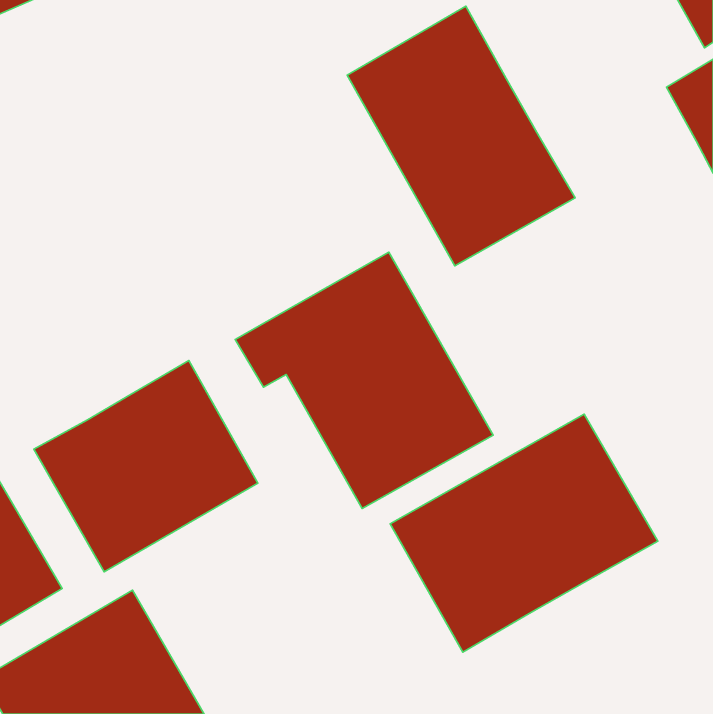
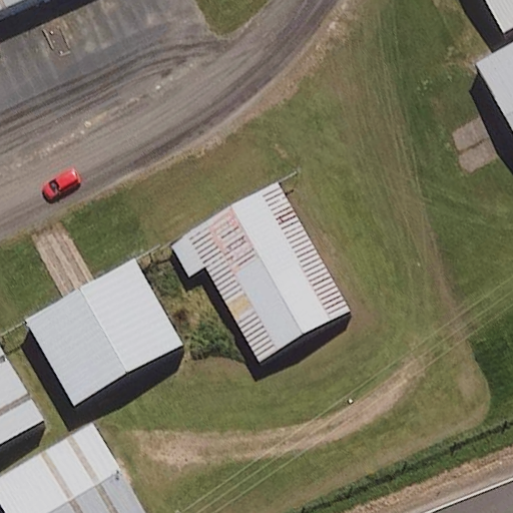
building: [347,6,575,266] -> none
building: [390,414,658,652] -> none

